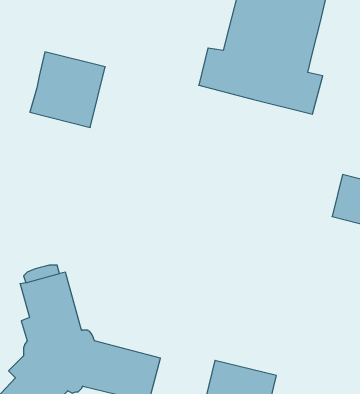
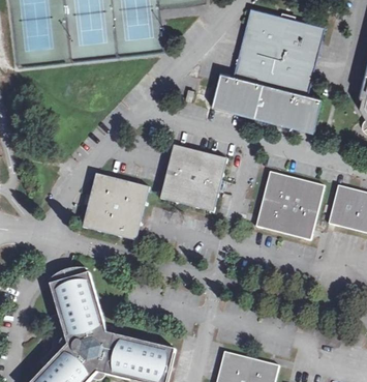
building: [30,52,105,127] -> [83,173,150,240]
building: none -> [160,145,227,211]
building: none -> [256,171,325,240]

